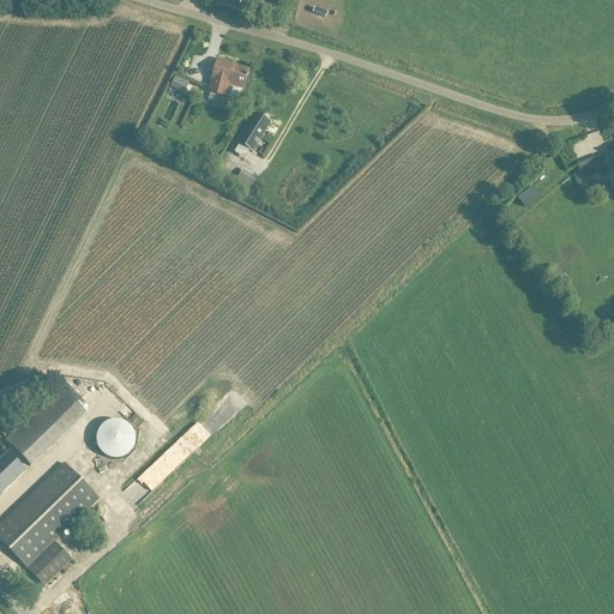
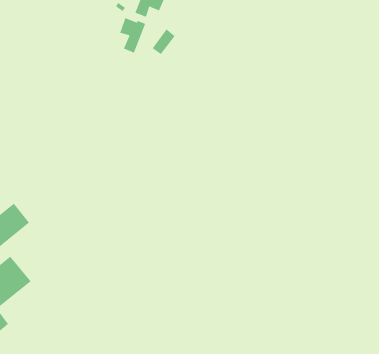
building: none -> [119,15,146,53]
building: [96,416,136,456] -> none

